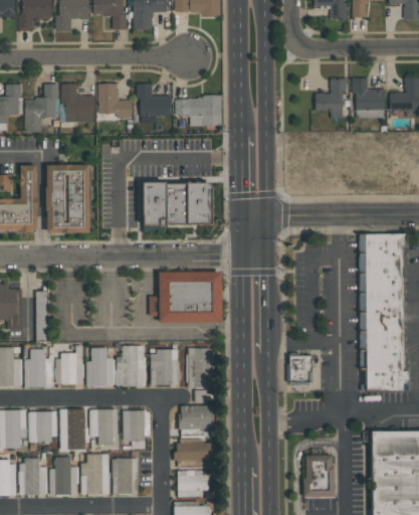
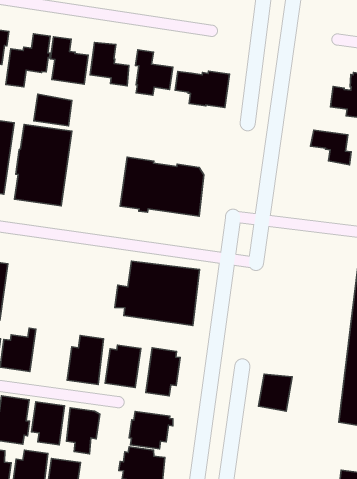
building: none -> [311,130,351,165]
building: none -> [34,94,72,126]
building: [86,347,114,386] -> none

